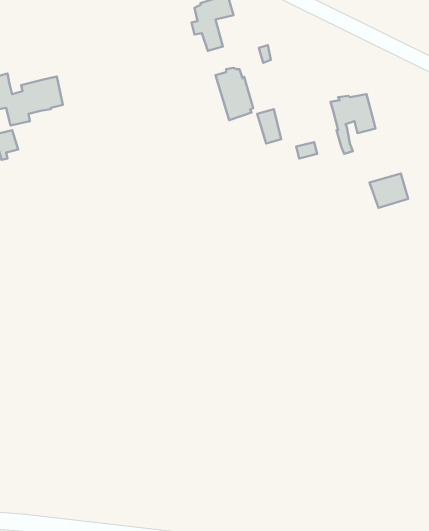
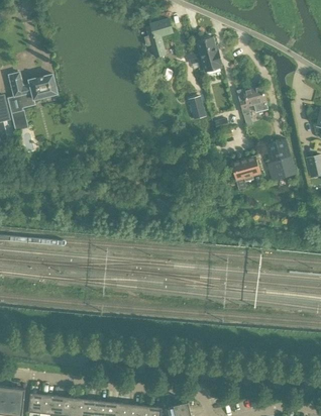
building: [216,68,253,120] -> [197,36,222,72]
building: none -> [231,155,260,181]
building: none -> [269,157,296,180]

